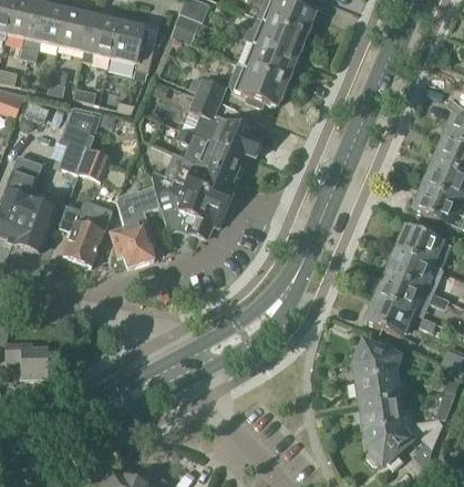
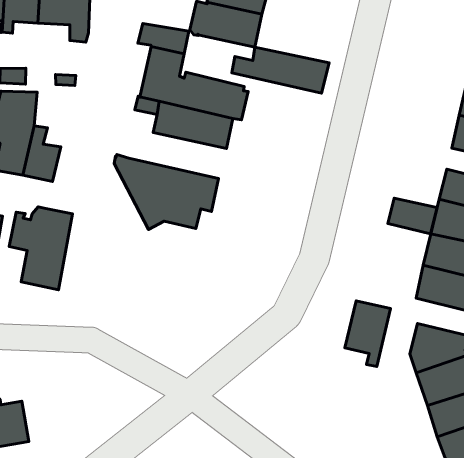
building: [163,157,239,201] -> [232,47,329,93]
building: [110,189,158,267] -> none
building: none -> [388,198,437,234]
building: none -> [345,301,391,367]

